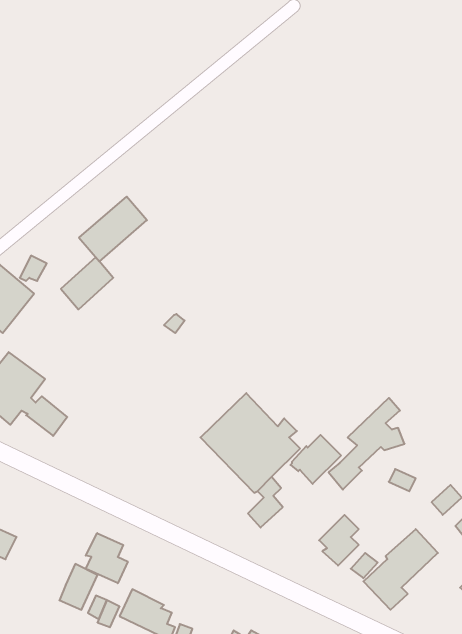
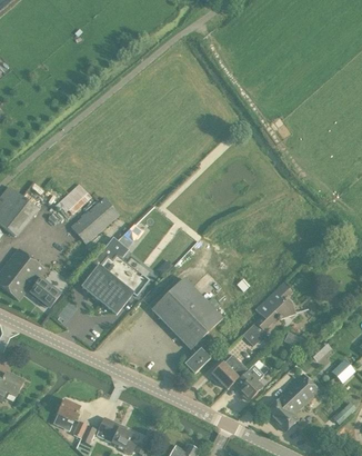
building: [79,197,147,261] -> [71,198,119,244]
building: none -> [82,237,149,314]
building: [290,435,341,484] -> [211,354,247,388]
building: [86,533,128,583] -> none

